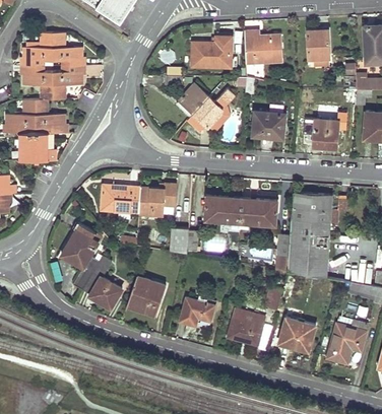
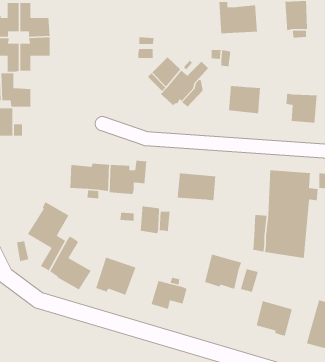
building: [192,37,233,68] -> none
building: [240,198,276,224] -> none
building: [228,308,264,343] -> [204,254,242,290]

